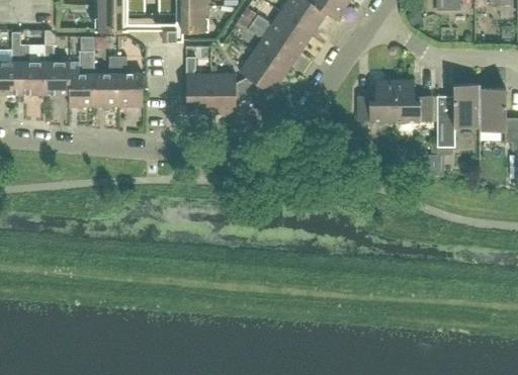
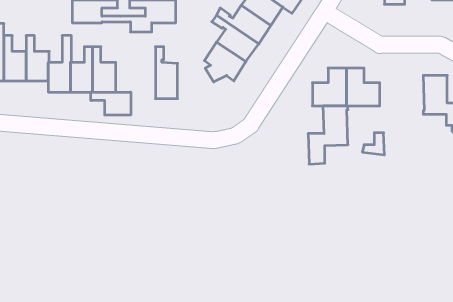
building: [210,74,250,113] -> none
building: [437,84,481,148] -> [308,106,348,164]
building: none -> [91,92,131,115]

